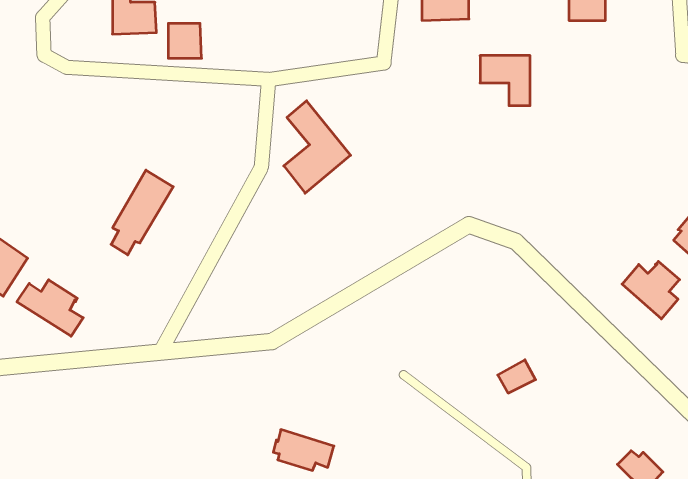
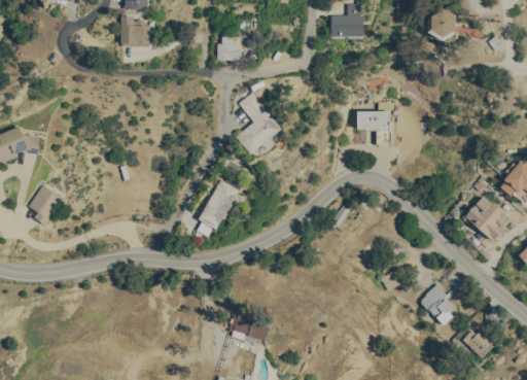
building: [168,23,202,58] -> [218,36,241,60]
building: [480,56,530,106] -> [358,111,392,145]
building: [111,170,173,255] -> [198,179,240,237]
building: [17,280,83,336] -> none
building: none -> [422,283,454,324]

